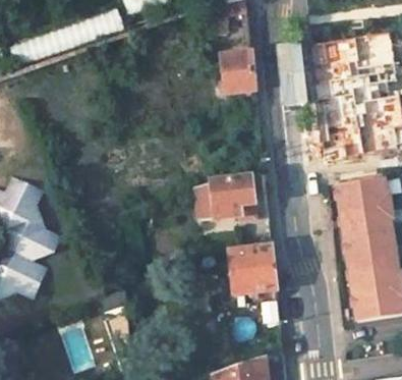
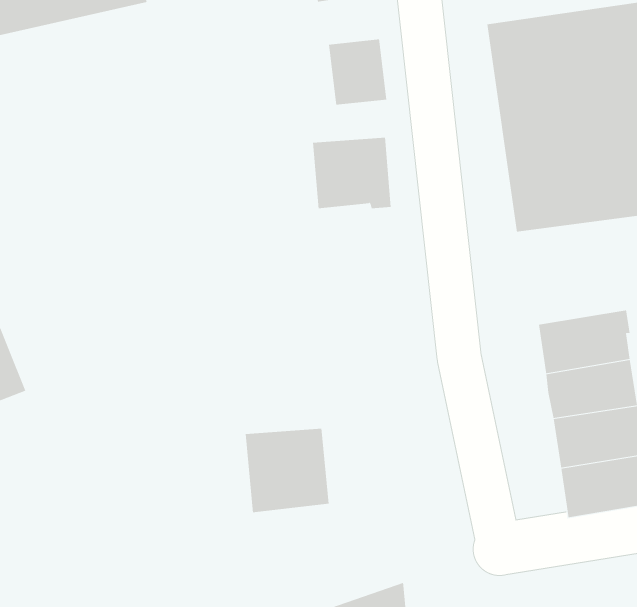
building: [335,177,389,212] -> none
building: [213,178,256,218] -> [312,137,392,209]
building: [231,248,278,294] -> [245,428,329,513]

